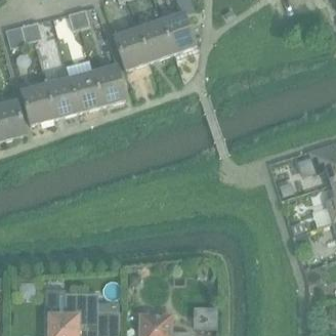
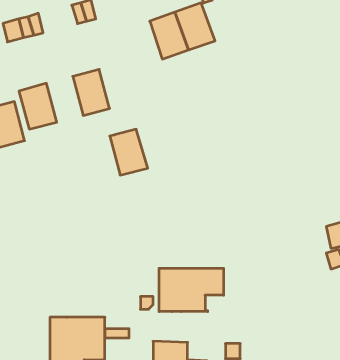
building: [112,28,148,70] -> none
building: [91,65,125,106] -> [110,129,148,175]
building: [44,77,77,118] -> none
building: none -> [159,268,224,312]

